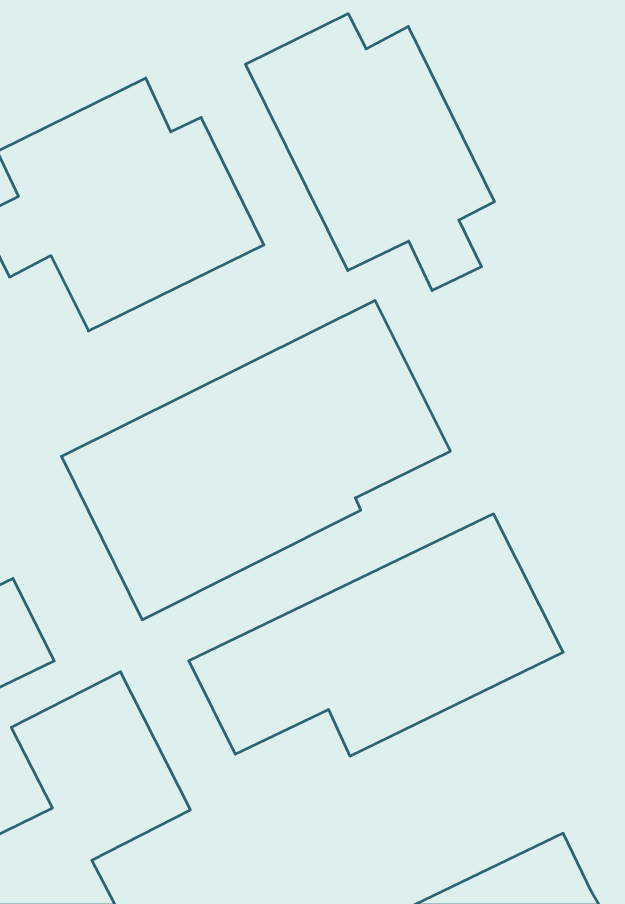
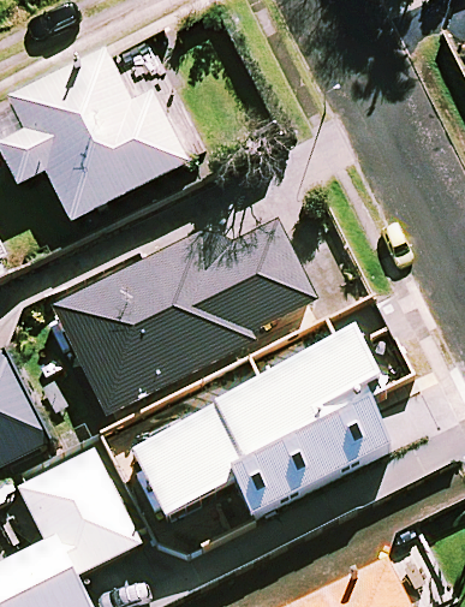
building: [246,14,494,291] -> none

